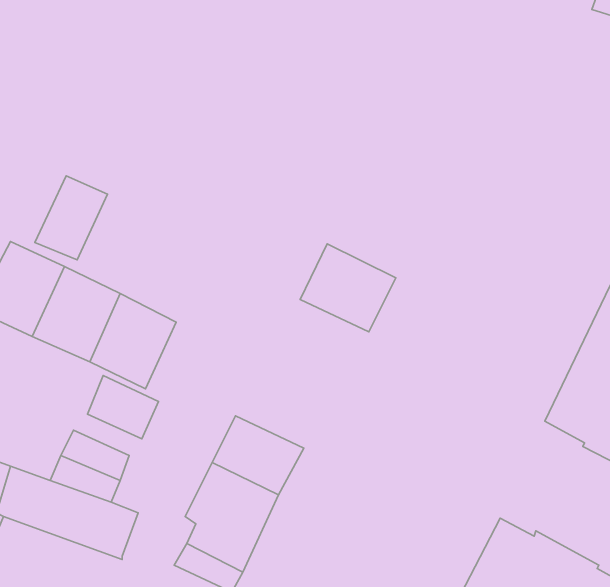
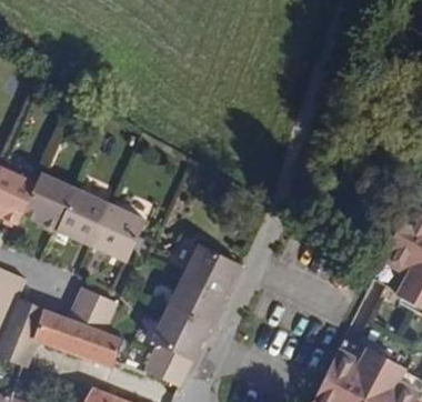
building: [35,176,108,260] -> none
building: [300,244,396,332] -> [182,244,241,299]
building: [87,375,158,439] -> none

